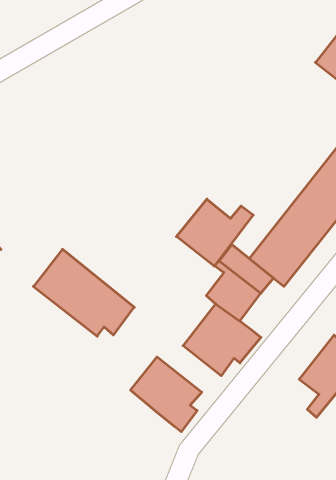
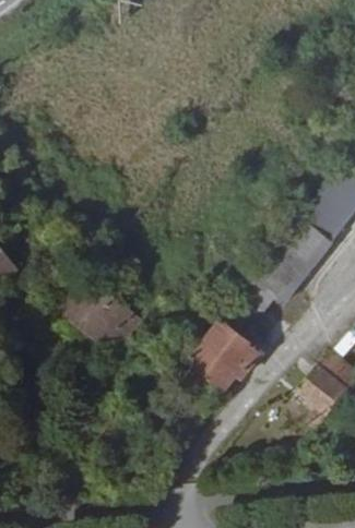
building: [176,199,253,266] -> none
building: [131,357,202,432] -> none

